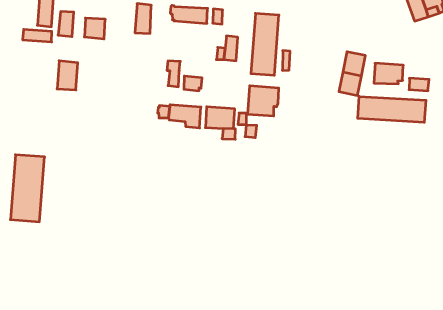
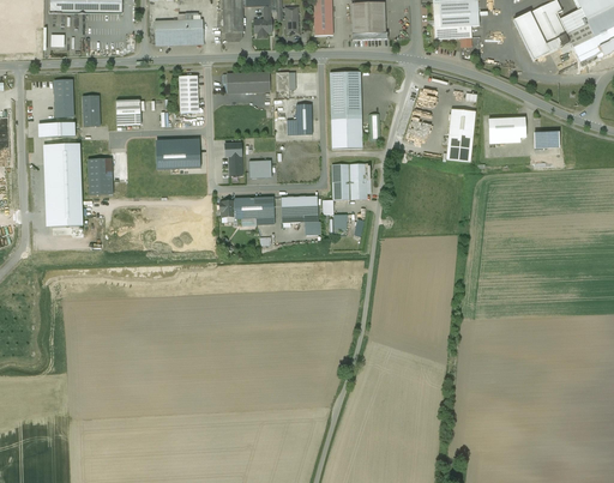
building: none -> [156,138,200,169]
building: [358,96,426,122] -> none
building: [10,155,45,222] -> [43,143,83,227]

